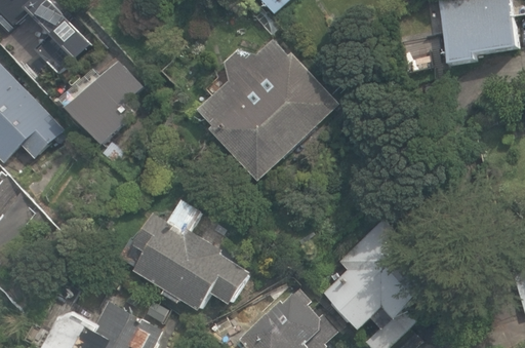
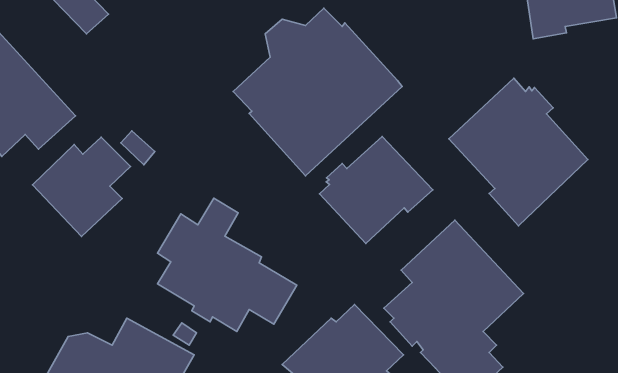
building: [60,61,143,144] -> [33,137,131,236]
building: none -> [449,78,588,226]
building: none -> [319,137,433,244]

